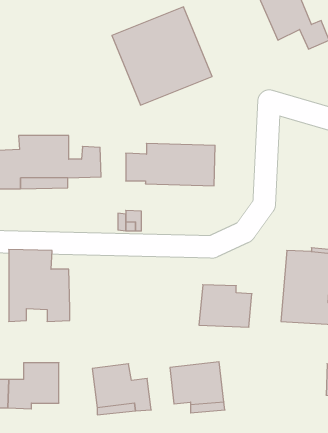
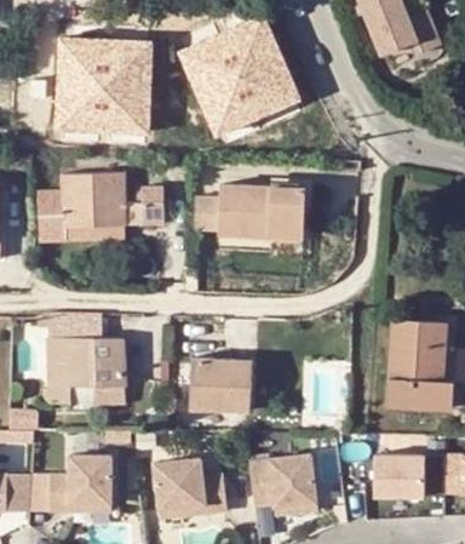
building: none -> [54,40,151,134]
building: [199,285,252,327] -> [186,357,252,410]
building: none -> [371,456,424,500]

